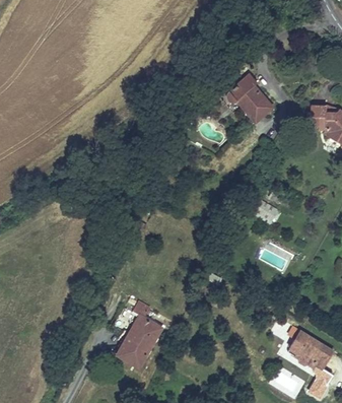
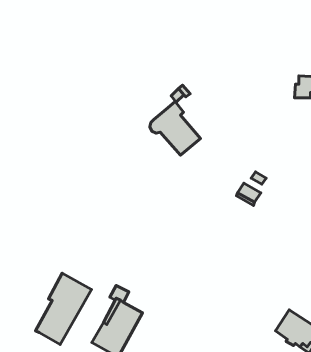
building: [224,73,273,125] -> [150,102,200,155]
building: none -> [35,273,91,344]

